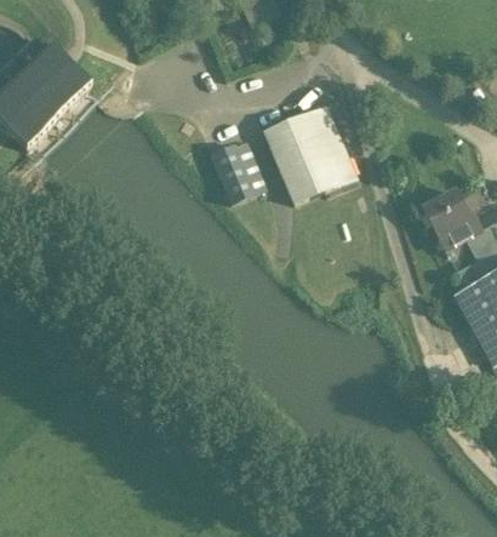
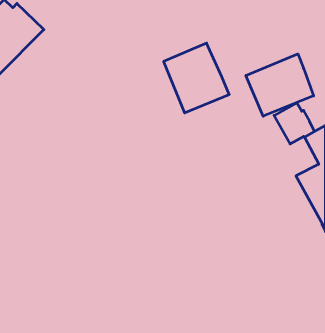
building: none -> [246,54,314,116]
building: [210,139,257,202] -> none

